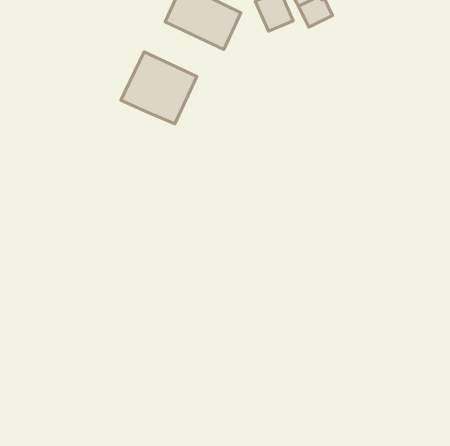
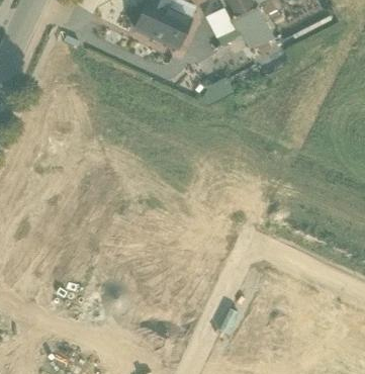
building: [121,52,197,124] -> none

